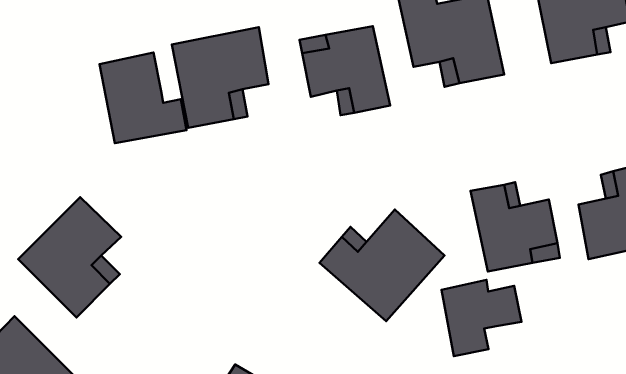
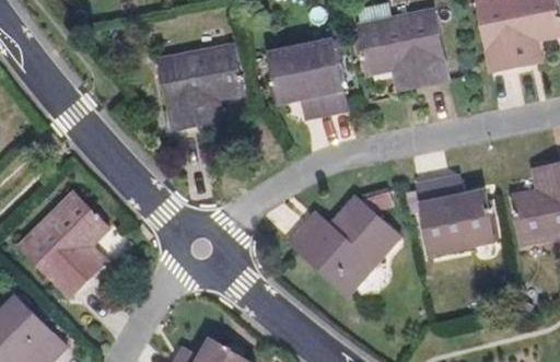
building: [99,52,186,143] -> none
building: [441,280,522,356] -> none

